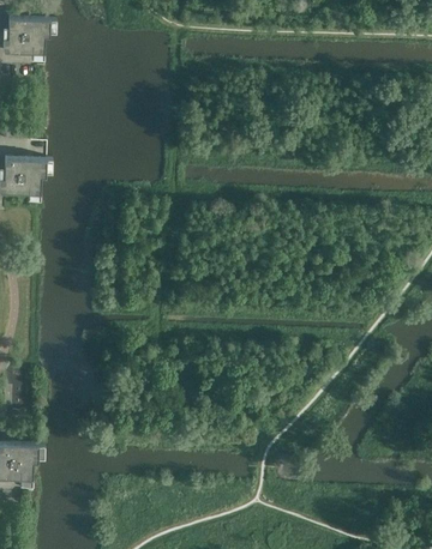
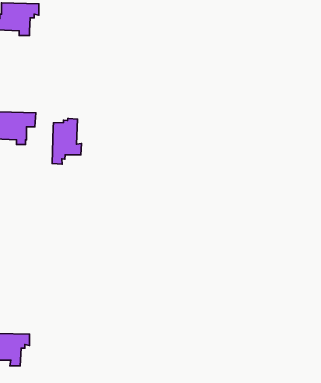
building: none -> [52,118,81,164]

